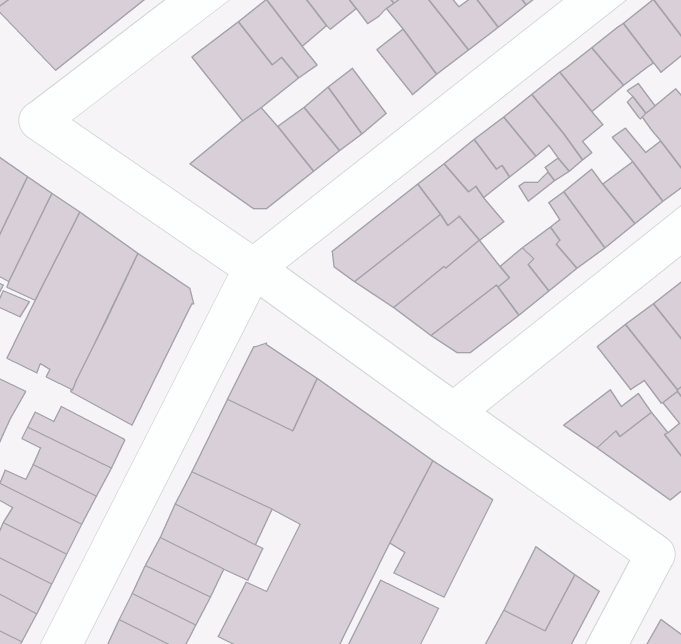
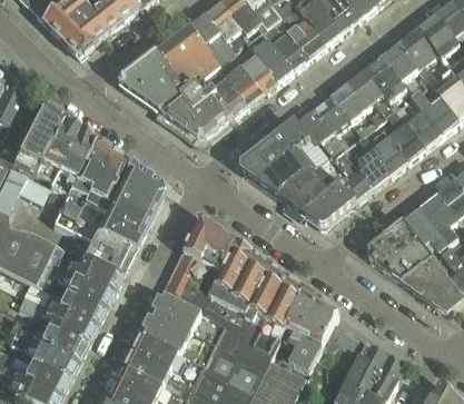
building: none -> [247,30,293,80]
building: none -> [124,47,191,110]
building: none -> [368,219,427,266]

